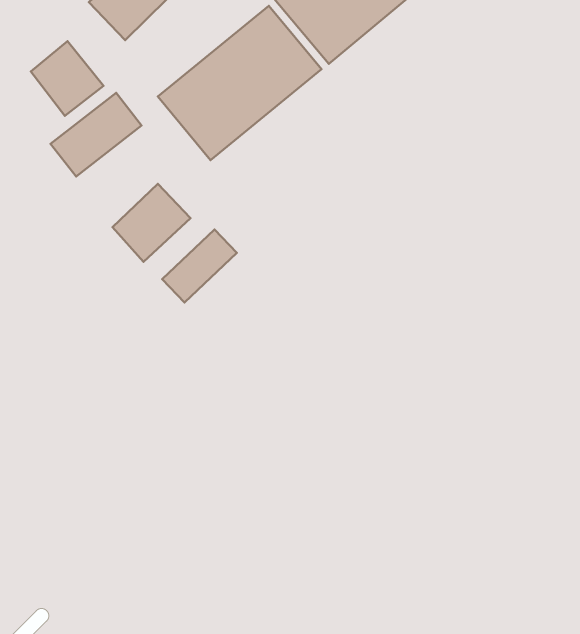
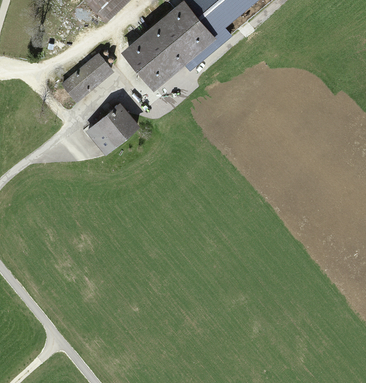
building: [31,41,103,116] -> none
building: [162,230,237,303] -> none

